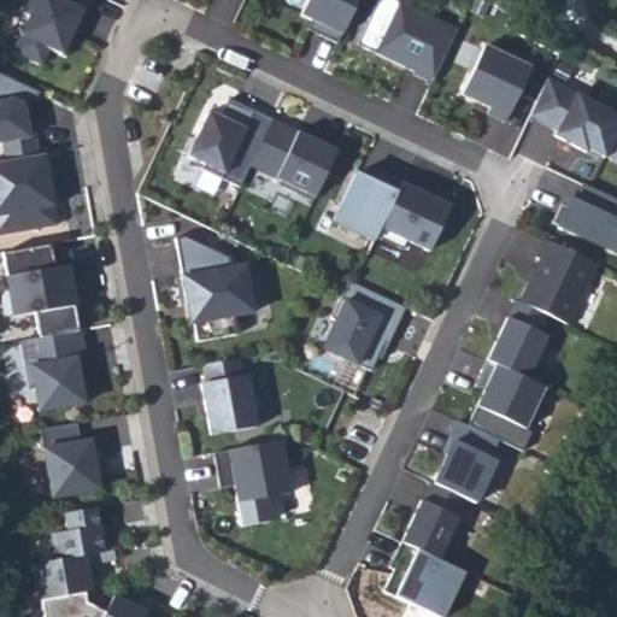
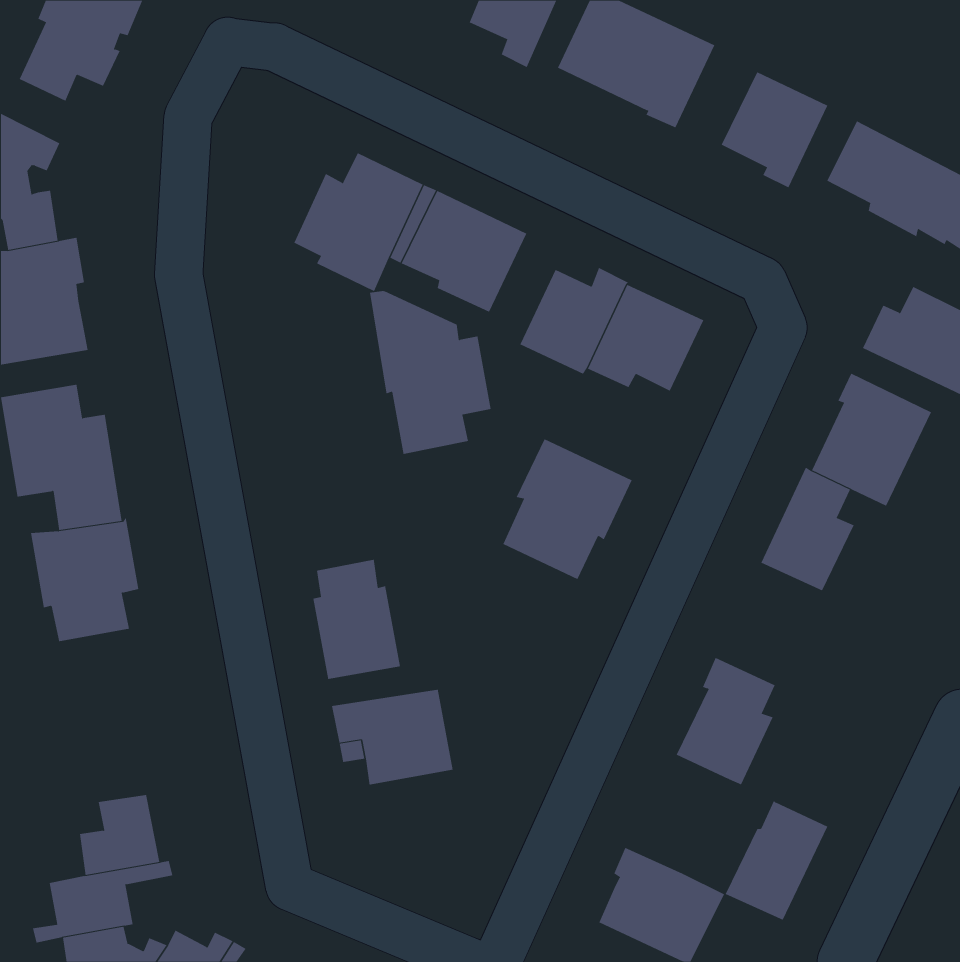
building: [176,236,254,341] -> [369,291,491,454]
building: [477,360,545,429] -> none
building: [40,423,107,496] -> none
building: [401,482,468,559] -> [725,800,828,921]

